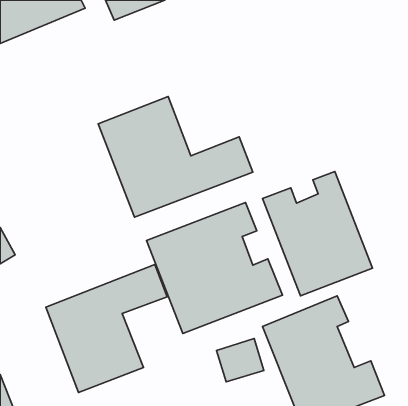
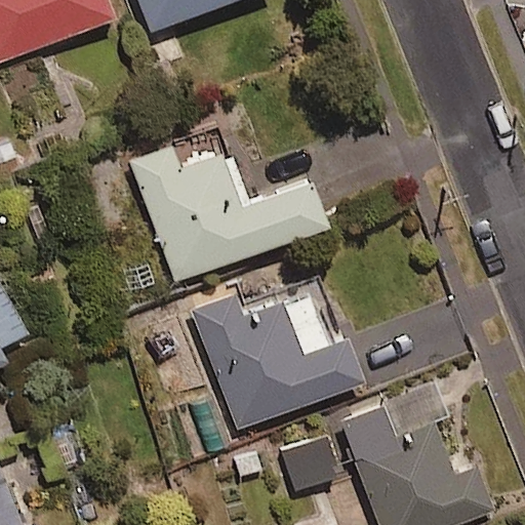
building: [263,172,373,296] -> none
building: [46,264,167,392] -> none

